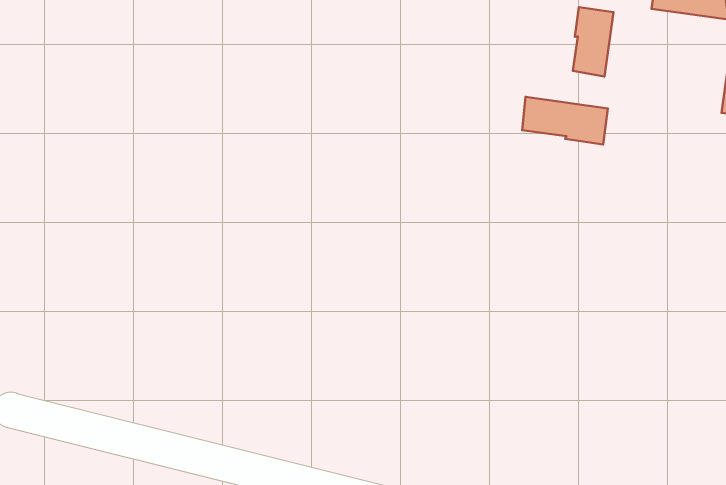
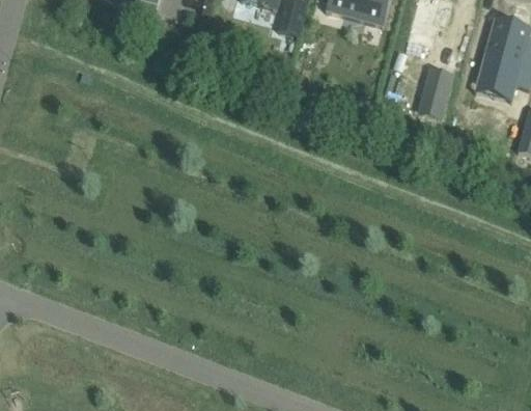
building: [522,97,608,144] -> none

